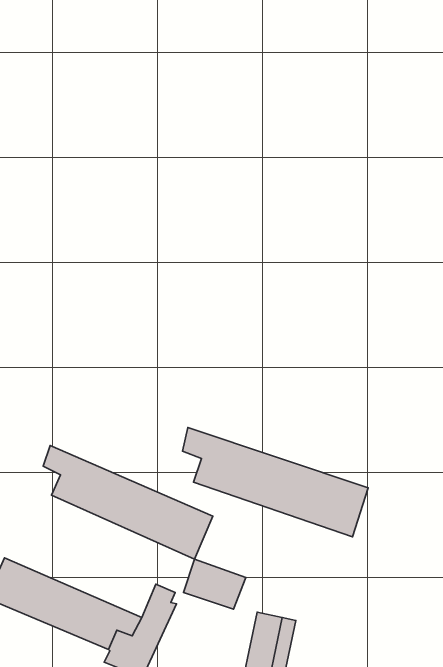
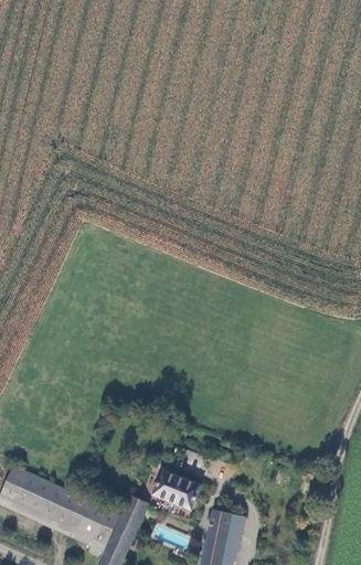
building: [182,428,368,537] -> none
building: [43,445,213,559] -> none

